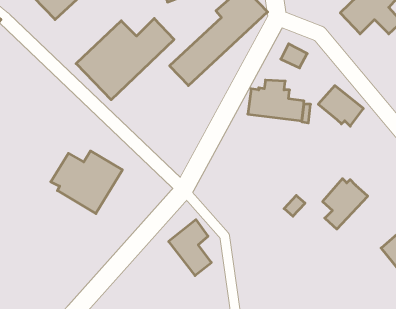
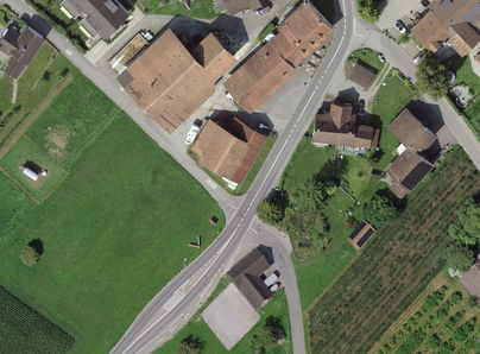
building: [51,151,122,214] -> [190,115,267,183]
building: [323,179,368,229] -> [386,145,435,200]

